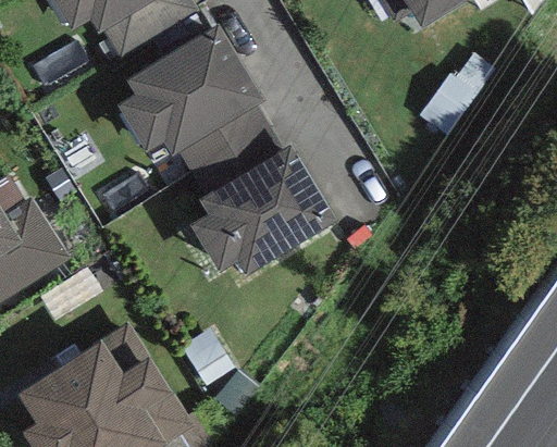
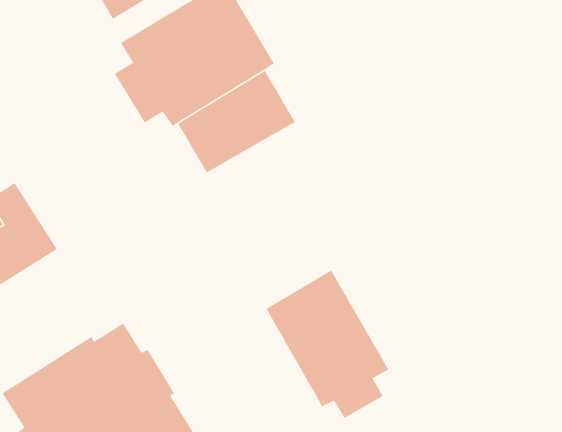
building: [190,142,335,270] -> none
building: none -> [265,270,389,419]

